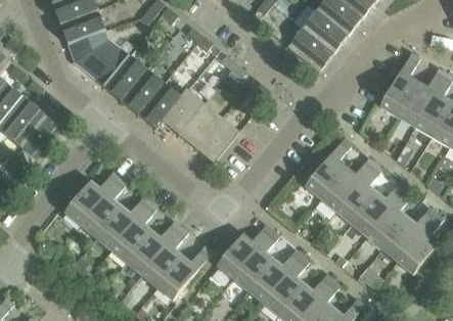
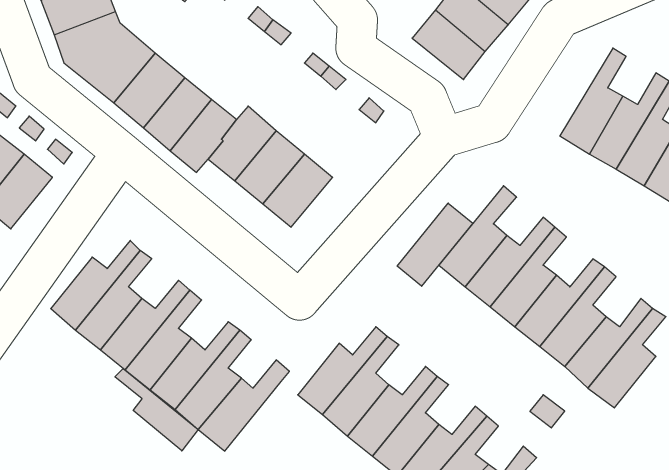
building: none -> [397,203,473,286]
building: none -> [115,368,198,451]

